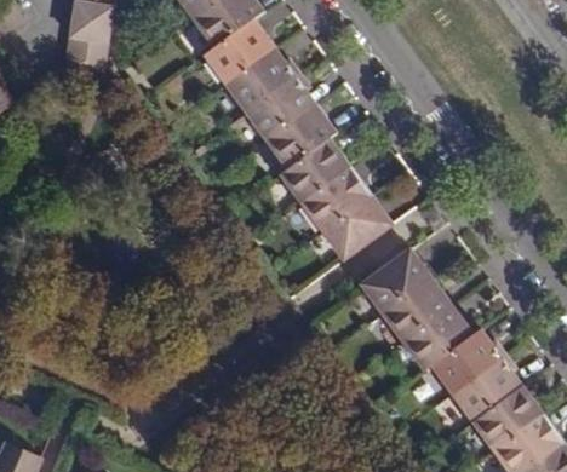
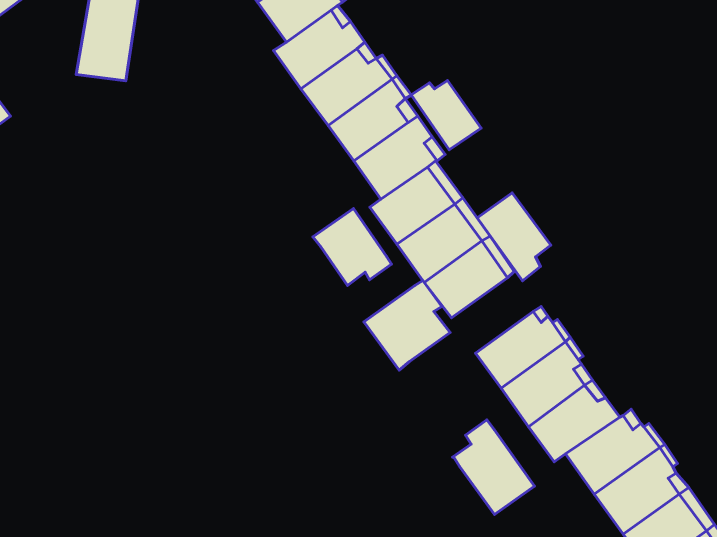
building: none -> [411,81,481,150]
building: none -> [477,193,551,281]
building: none -> [313,208,391,285]
building: none -> [364,281,450,370]
building: none -> [453,420,535,515]

